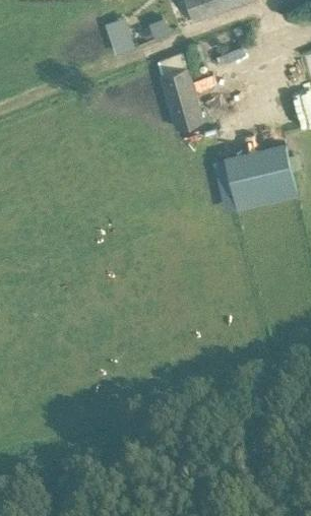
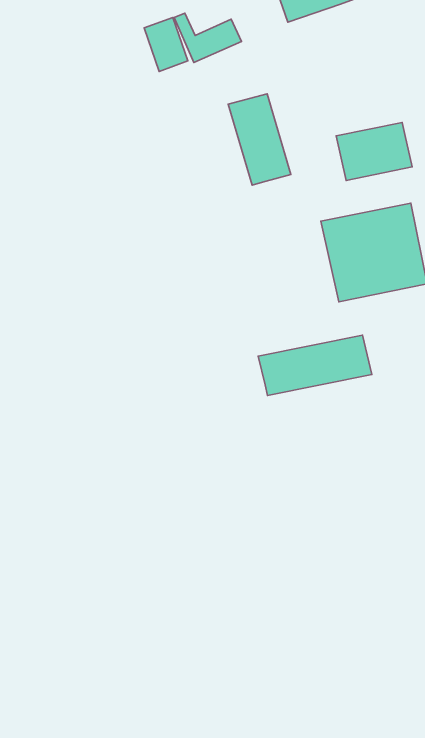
building: none -> [336,123,412,180]
building: none -> [258,335,372,396]

